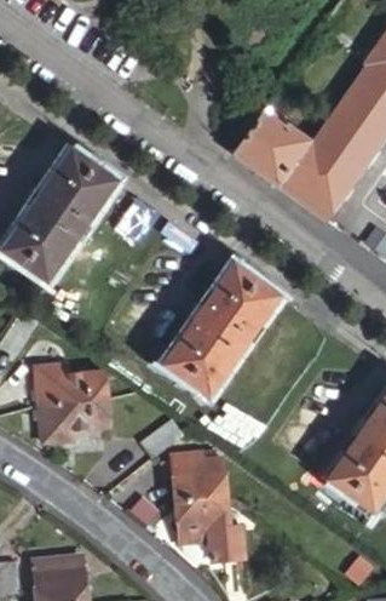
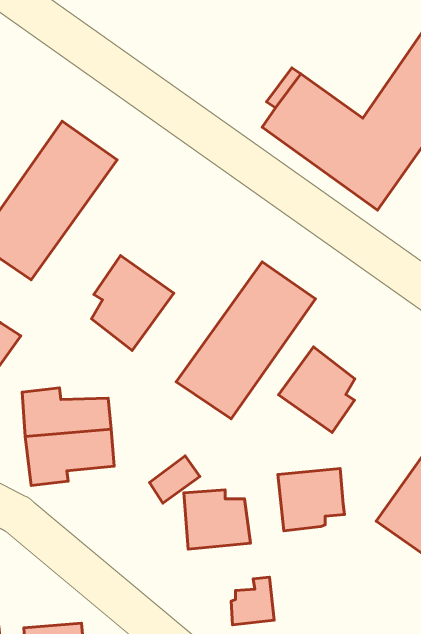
building: none -> [91,256,174,351]
building: none -> [279,347,355,433]
building: [172,492,226,543] -> [278,469,345,531]

